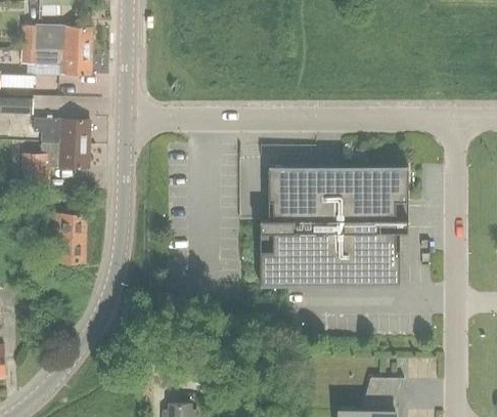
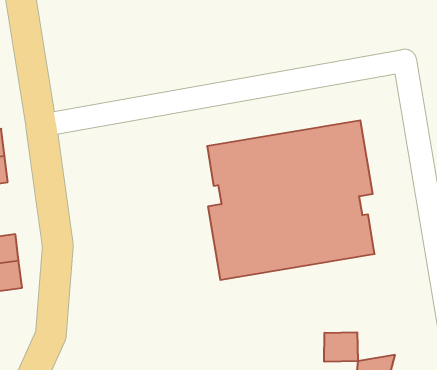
building: none -> [324,332,358,362]

